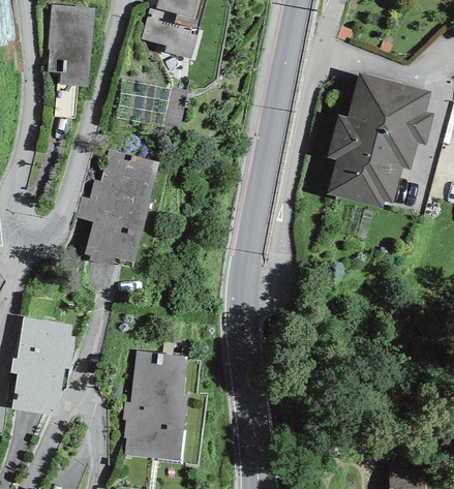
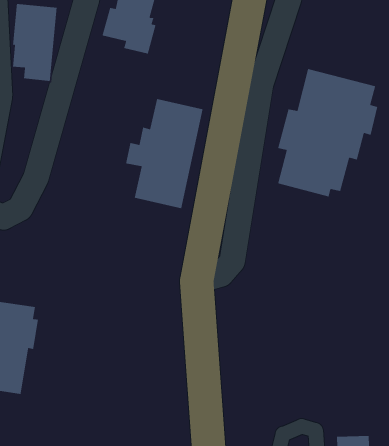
building: [75,149,158,266] -> [125,98,203,209]
building: [123,350,188,460] -> none

